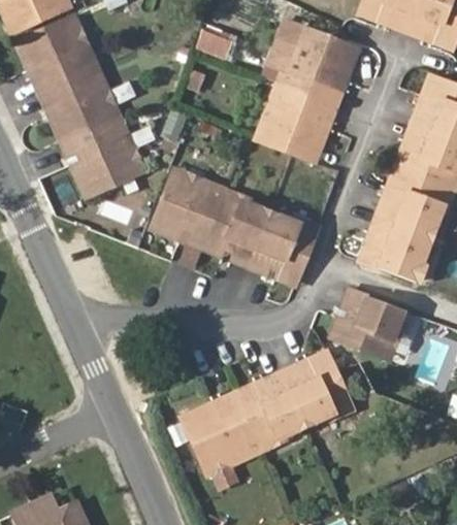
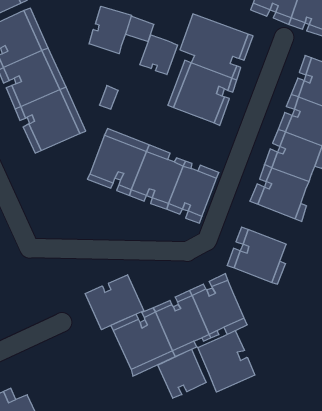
building: none -> [89,6,131,54]
building: none -> [140,35,178,75]
building: none -> [85,275,144,330]
building: none -> [198,331,255,392]
building: none -> [158,349,206,398]

